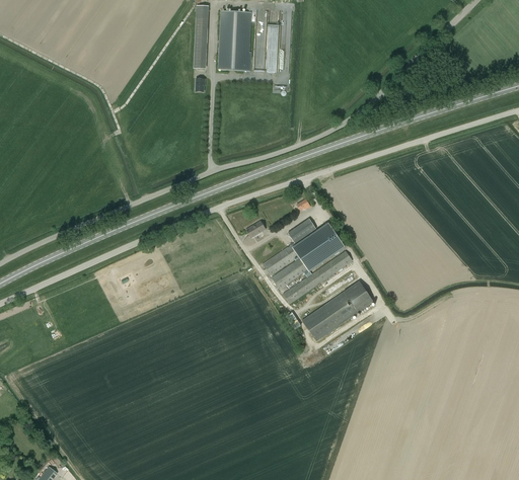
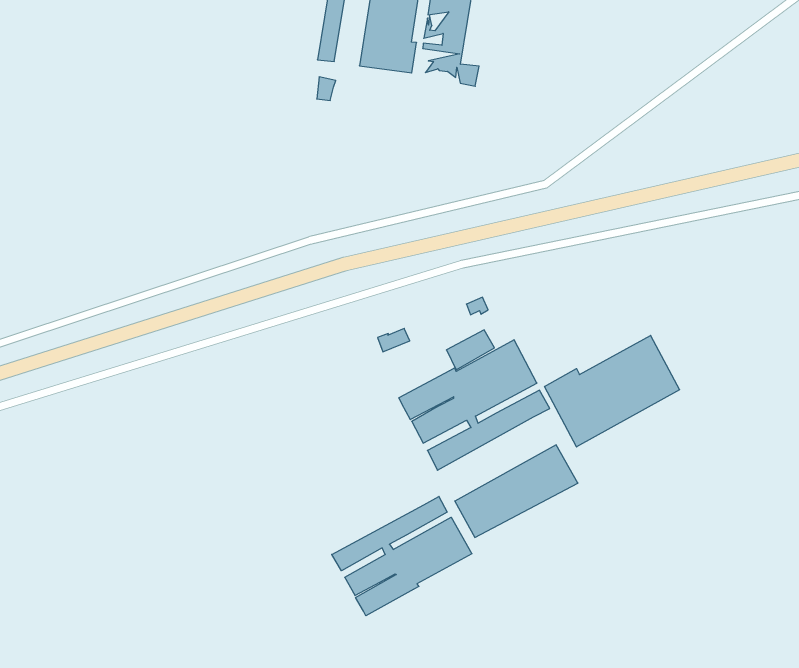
building: none -> [545,335,680,447]
building: none -> [332,496,472,616]

